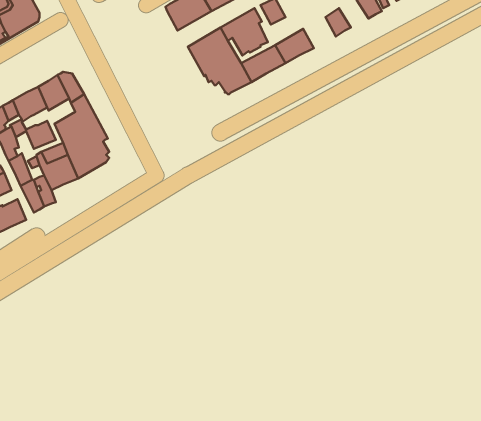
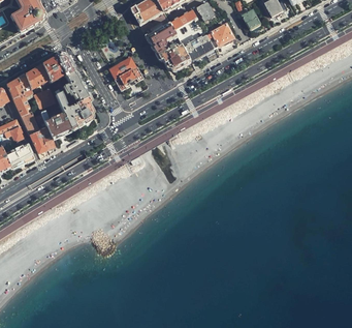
building: none -> [107,54,143,90]

